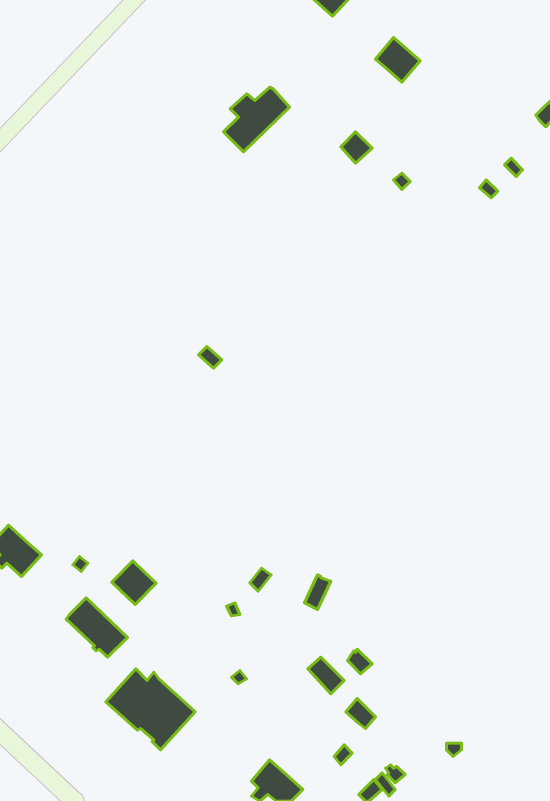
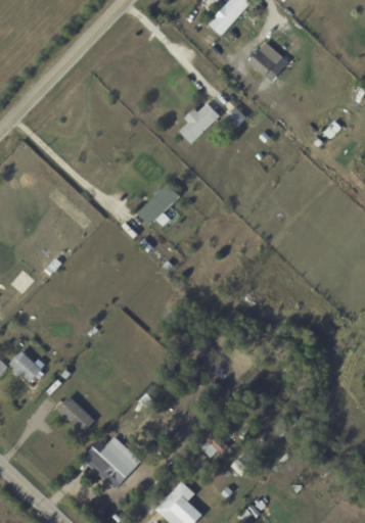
building: [224,87,290,152] -> [179,103,220,143]
building: none -> [137,183,179,225]
building: [112,561,156,605] -> none

